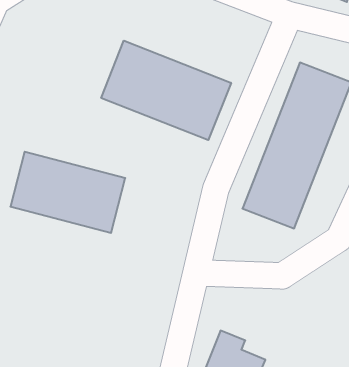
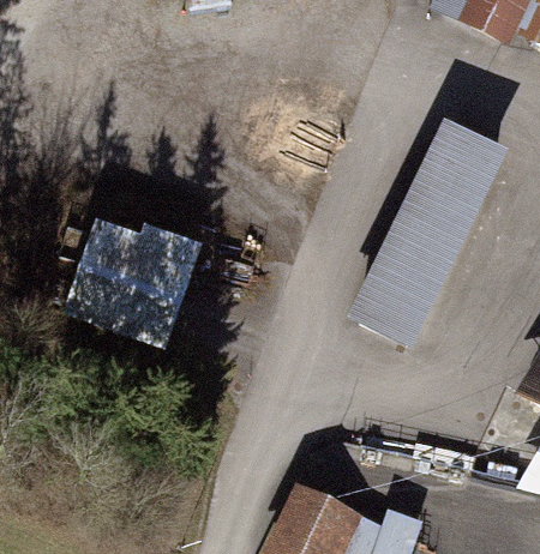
building: [101,41,231,140] -> none

